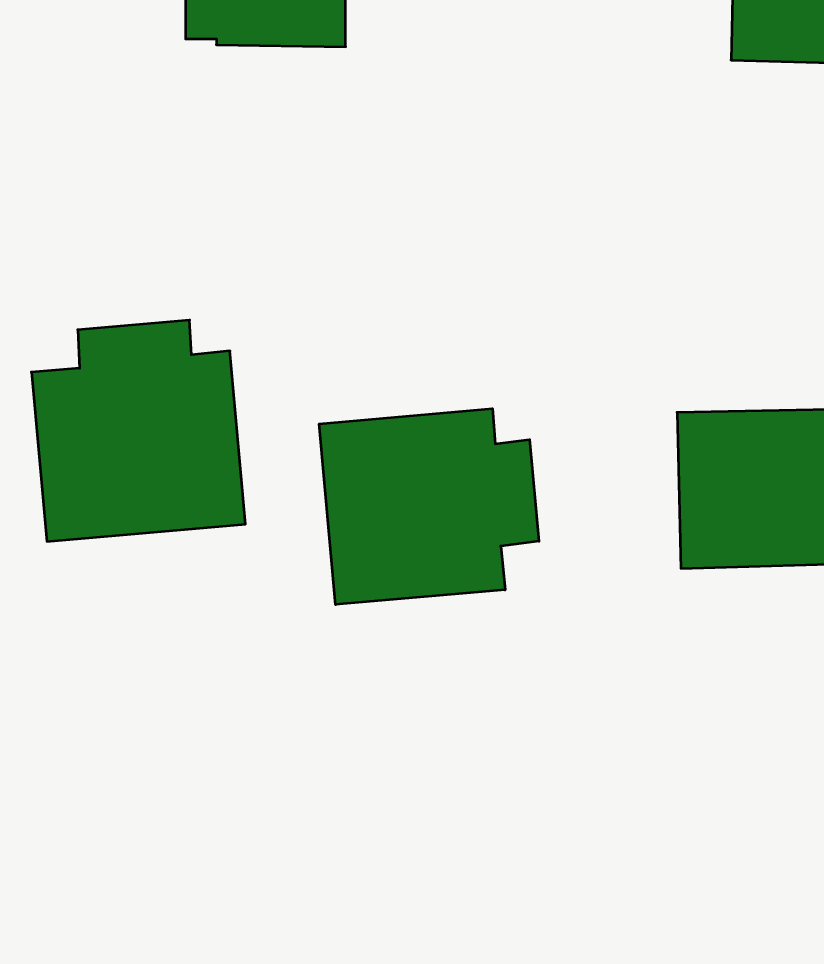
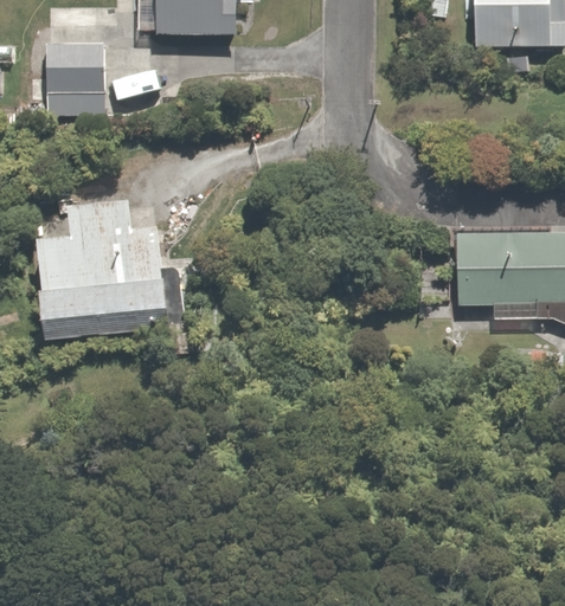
building: none -> [45,39,105,109]
building: [319,409,539,605] -> none

